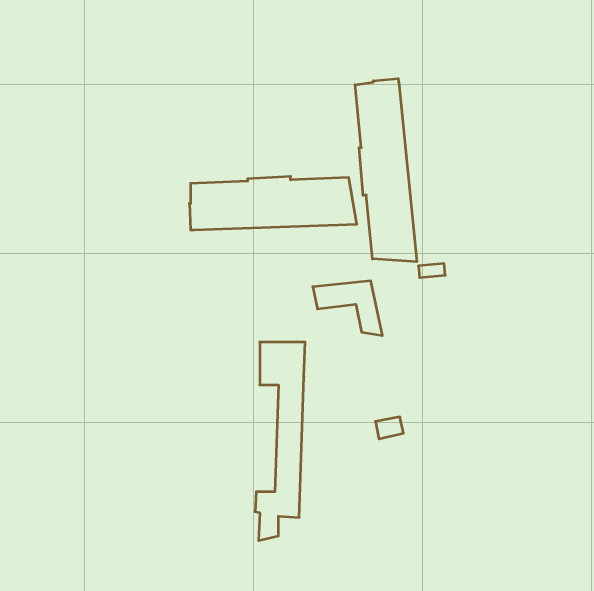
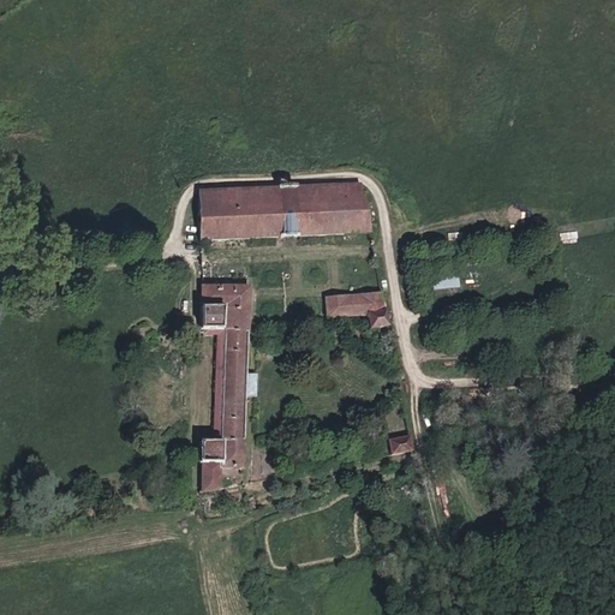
building: [355,79,417,262] -> none
building: [255,342,305,541] -> [197,285,249,490]

